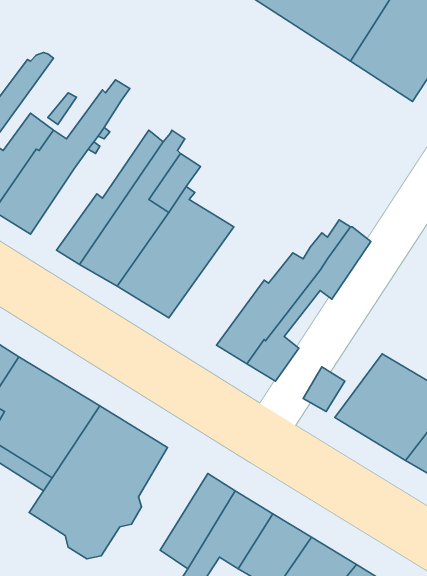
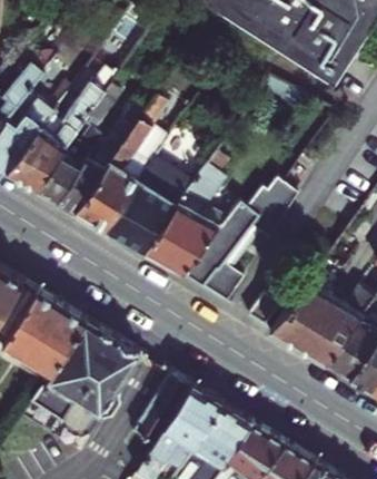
building: none -> [36,130,100,202]
building: none -> [142,145,230,275]

